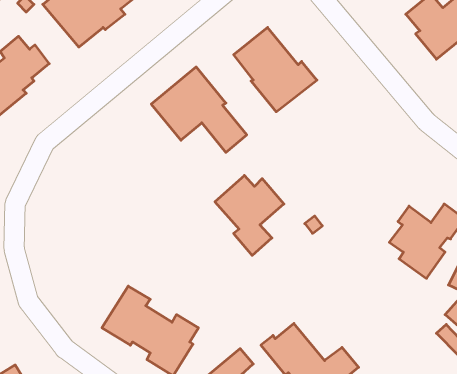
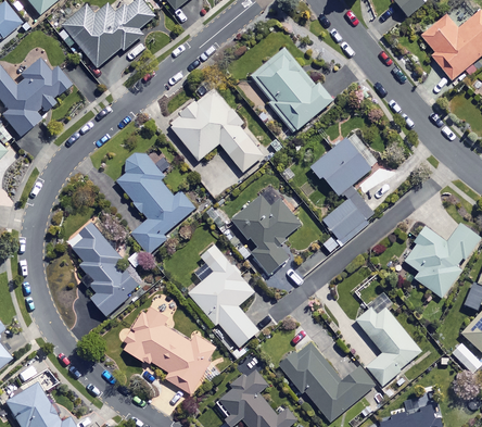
building: none -> [310,138,376,242]
building: none -> [116,149,195,254]
building: none -> [68,222,140,315]
building: none -> [189,243,258,347]
building: none -> [356,306,420,385]

